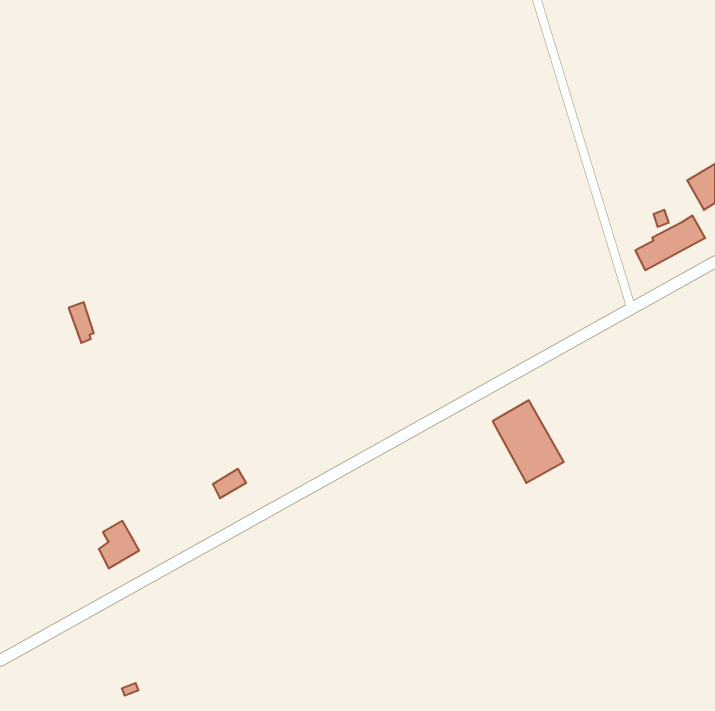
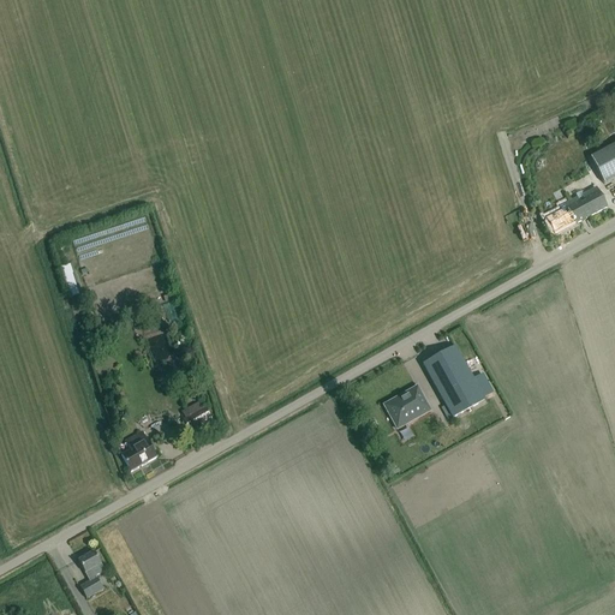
building: none -> [383,384,430,426]
building: [99,521,139,569] -> [121,429,156,470]
building: none -> [78,549,105,595]

